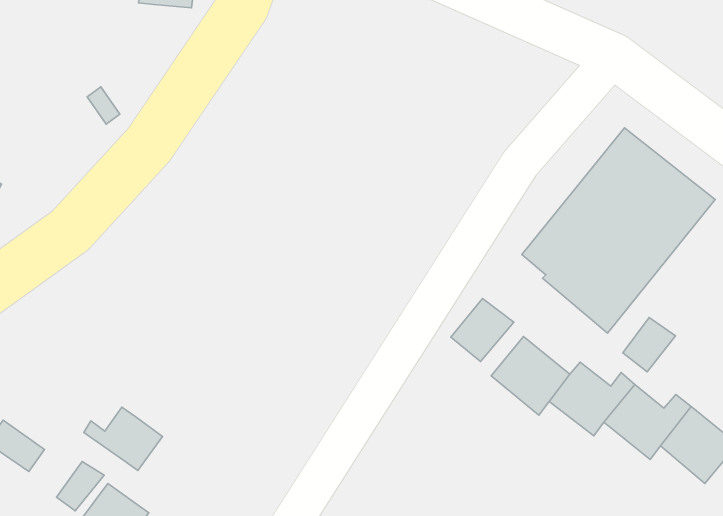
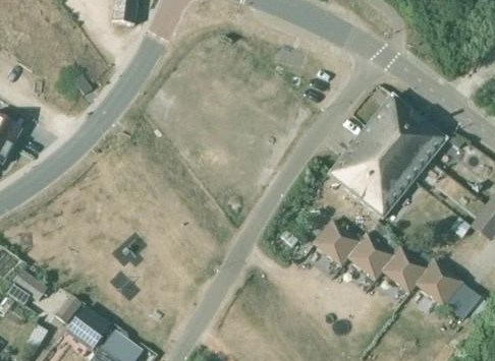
building: [451,298,514,362] -> none
building: [623,317,675,372] -> none
building: [84,407,163,471] -> none

